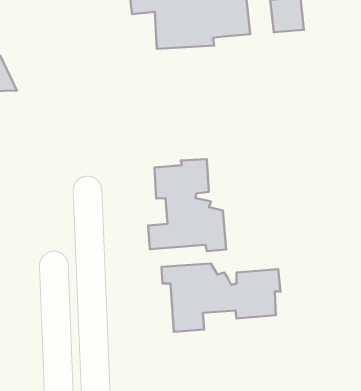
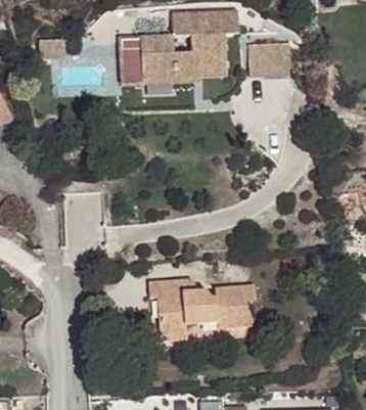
building: [148,159,226,251] -> none

